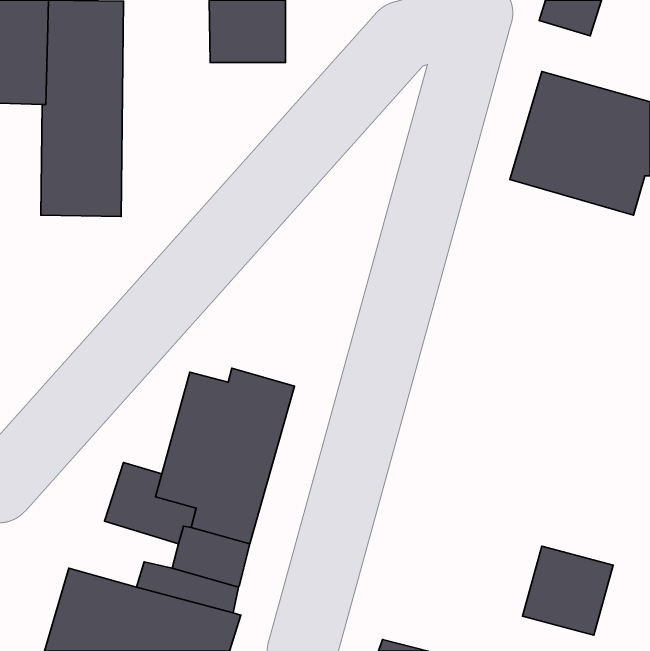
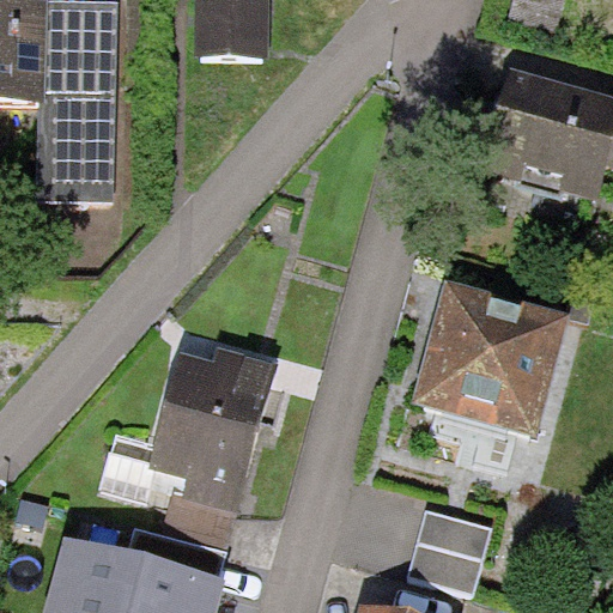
building: none -> [409,279,571,438]
building: [523,546,613,635] -> [406,510,491,594]

